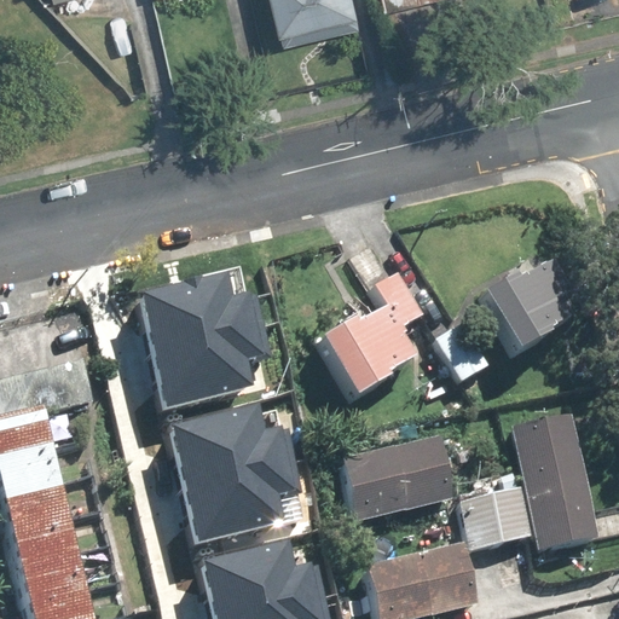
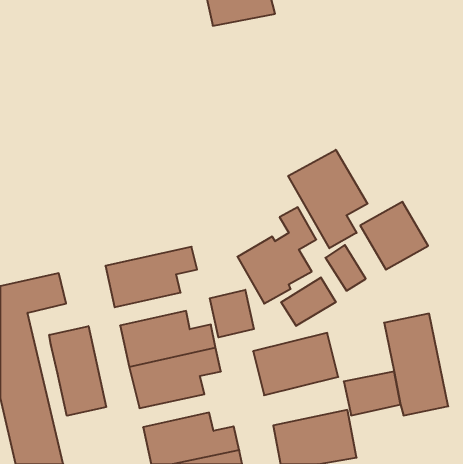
building: none -> [288,150,368,248]
building: [134,276,260,351] -> none
building: none -> [281,277,336,326]
building: none -> [210,290,254,337]
building: none -> [49,326,106,416]

